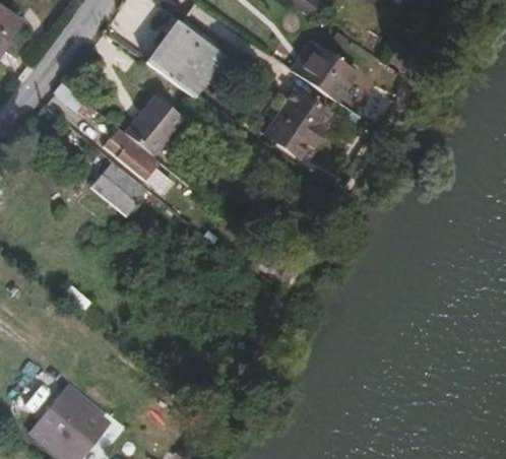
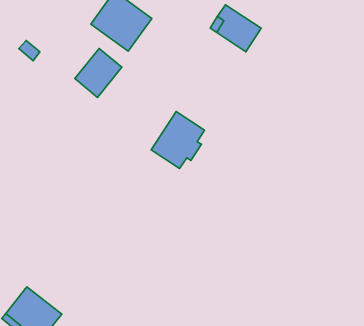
building: [265,89,332,160] -> [151,112,205,169]
building: [113,130,156,176] -> none
building: [93,160,149,214] -> none

